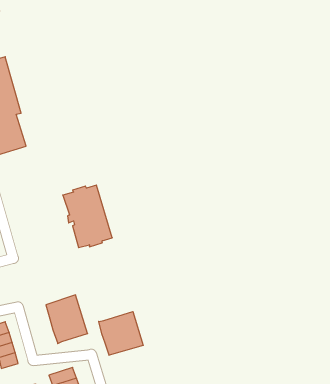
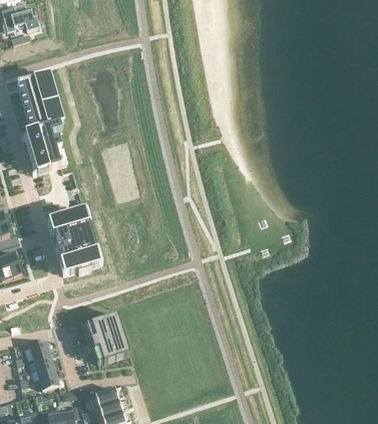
building: [63,185,112,248] -> [50,210,100,273]
building: [99,312,143,355] -> none

